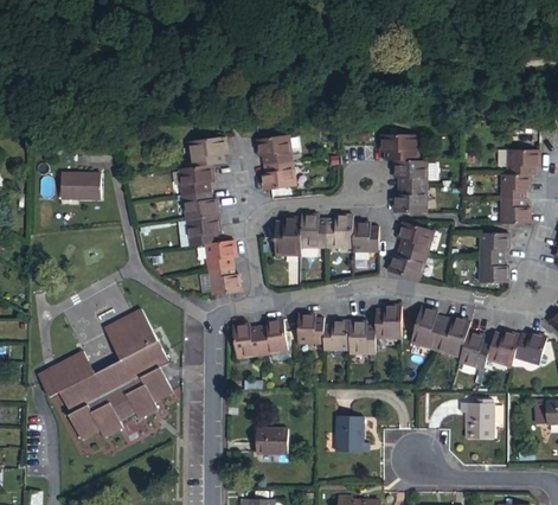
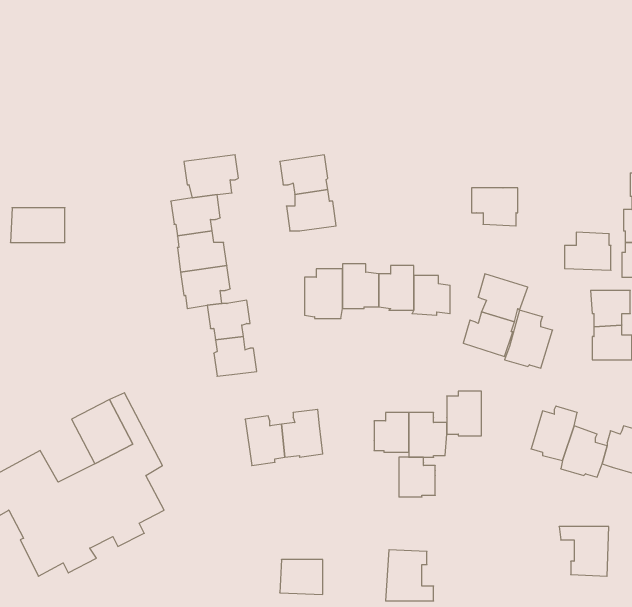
building: [380,134,417,160] -> none
building: [393,186,426,213] -> [565,232,611,270]
building: [410,306,444,347] -> [505,310,553,368]
building: [297,314,323,343] -> [399,457,435,497]

